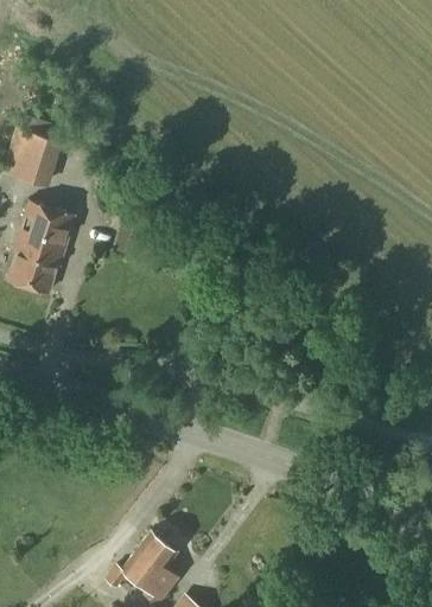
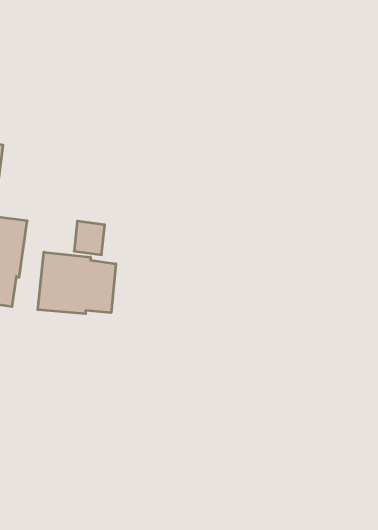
building: none -> [38,252,116,314]

